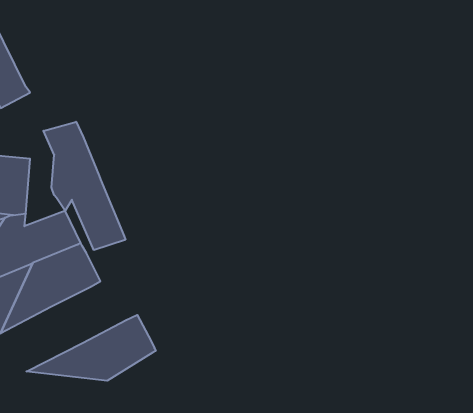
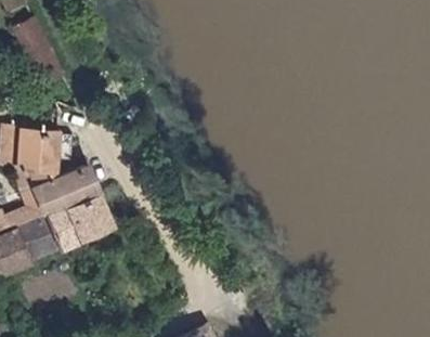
building: [43,122,125,250] -> none
building: [26,315,156,381] -> none

